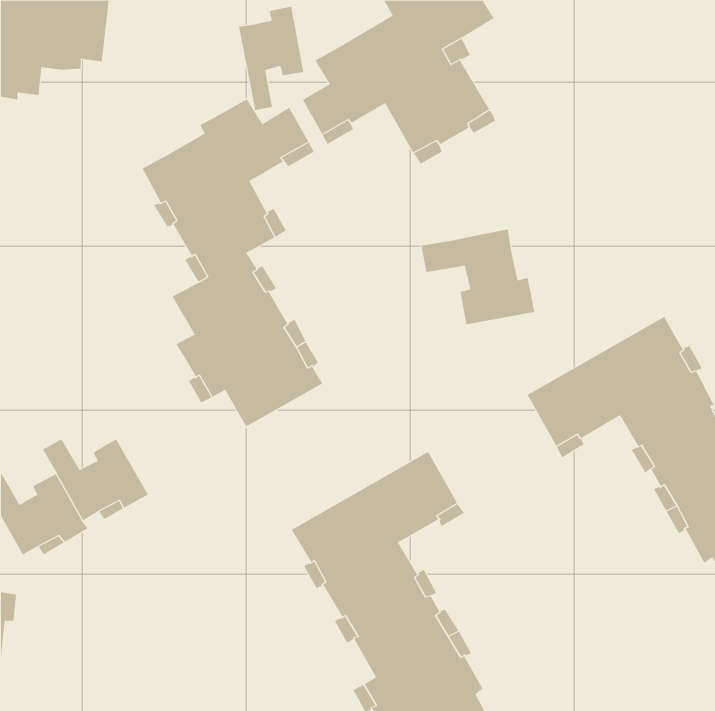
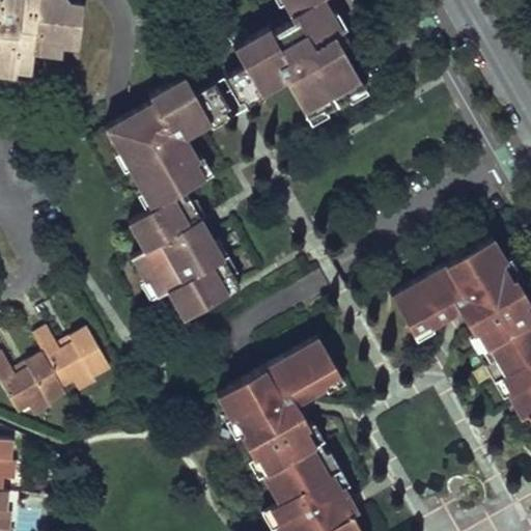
building: [239,6,304,111] -> none
building: [421,229,535,325] -> none

